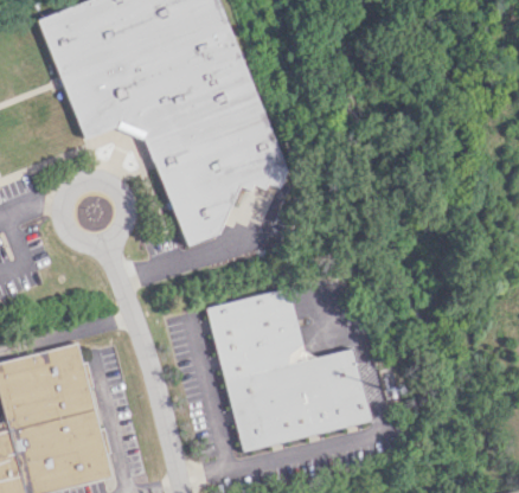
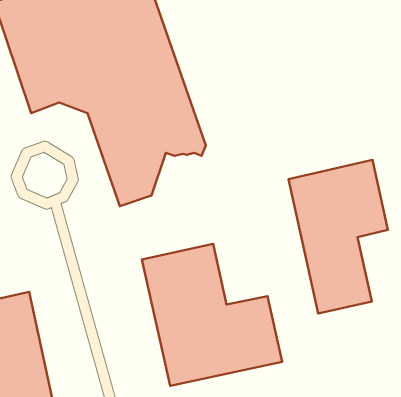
building: none -> [289,160,388,314]

